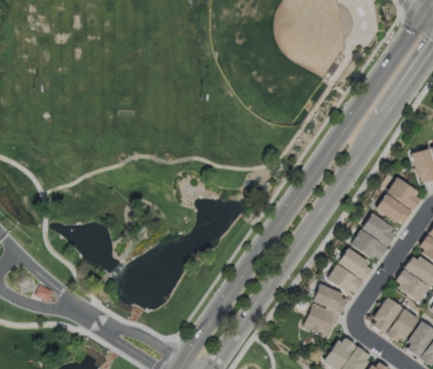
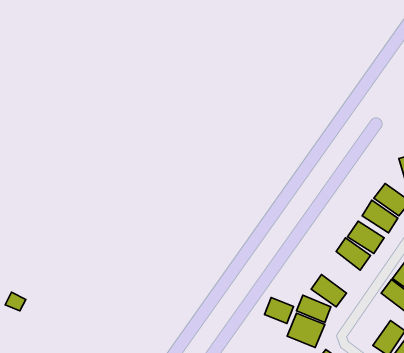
building: [339,250,373,280] -> none
building: none -> [264,297,293,324]
building: [370,297,402,332] -> none

